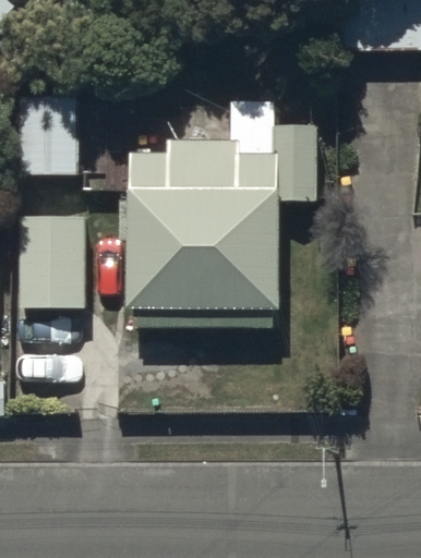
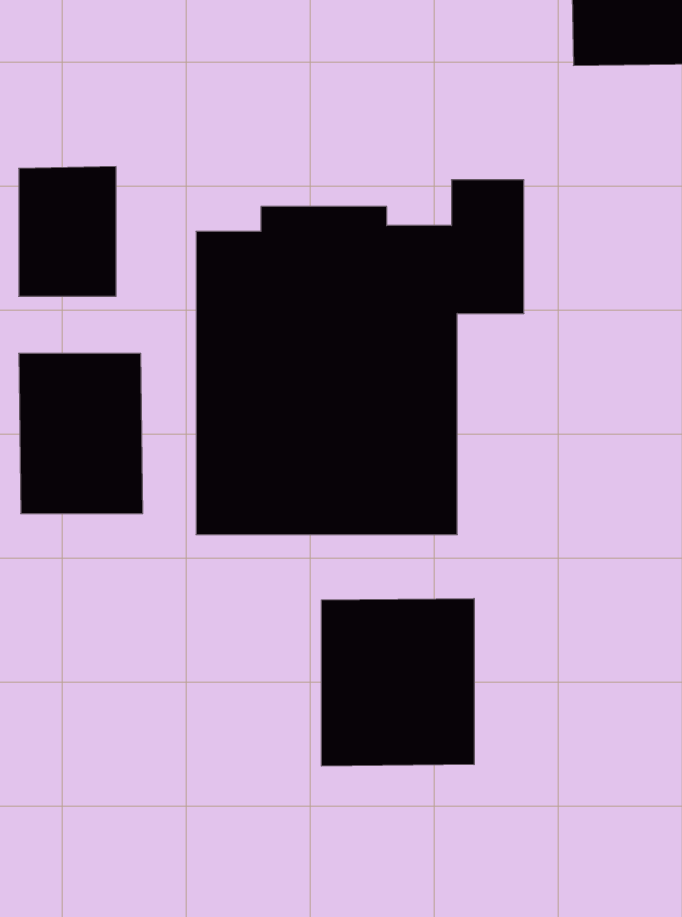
building: none -> [322,598,474,766]

